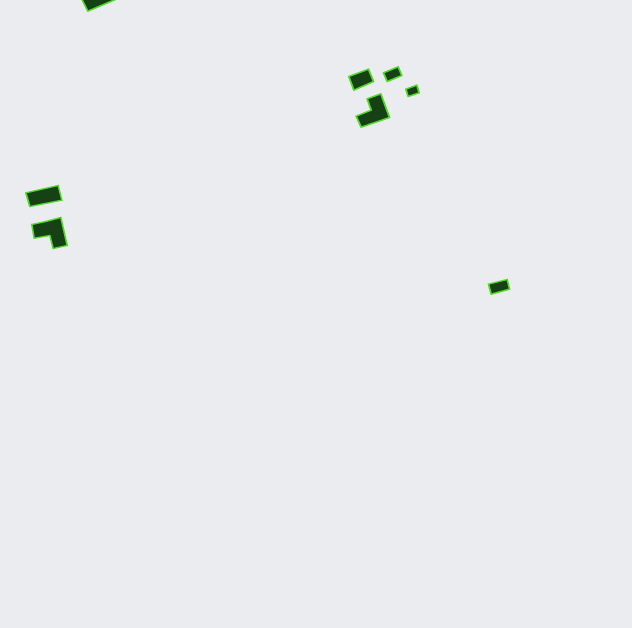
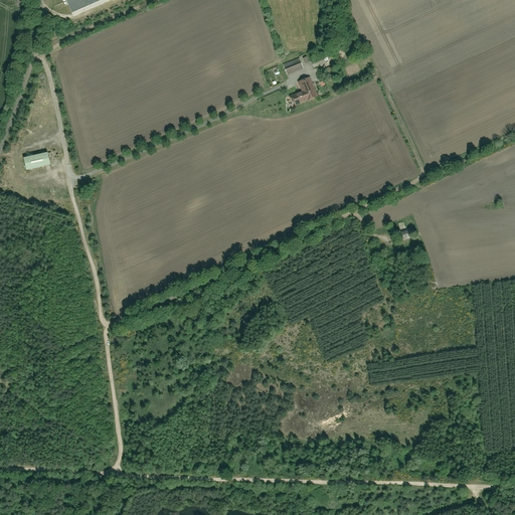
building: [32,217,67,249] -> none

